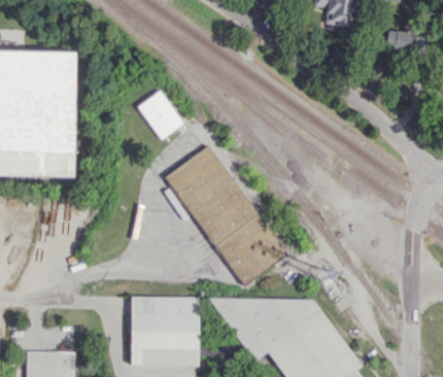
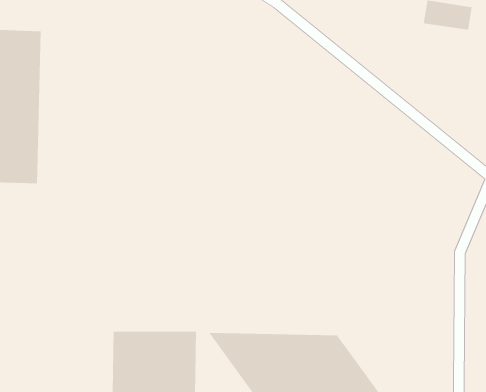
building: [138,91,184,140] -> none
building: [165,144,288,285] -> none

